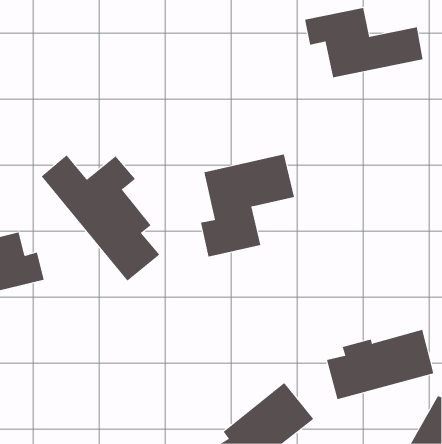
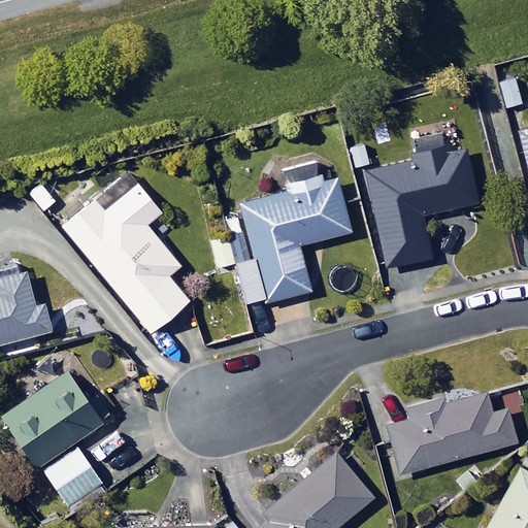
building: [304,7,423,78] -> none
building: none -> [366,143,485,268]
building: none -> [4,372,105,510]

